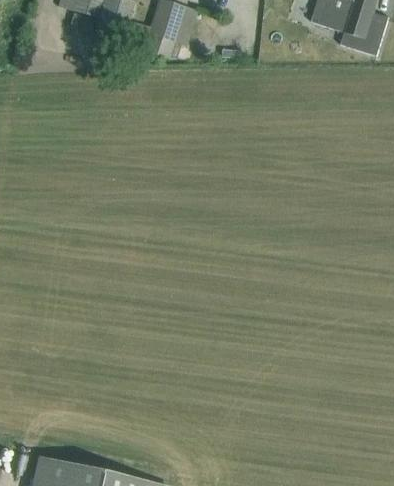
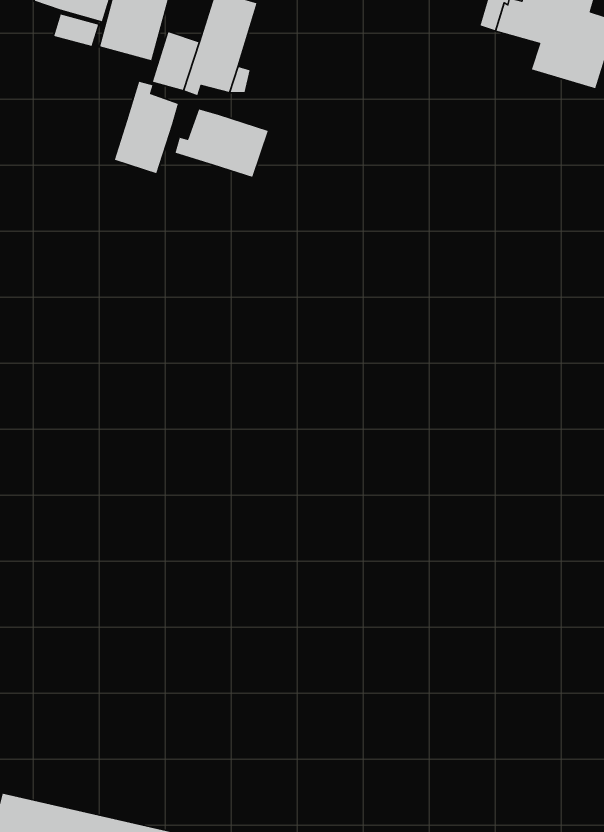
building: none -> [114,81,179,174]
building: none -> [174,108,269,178]

